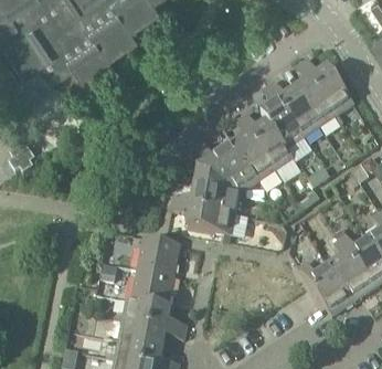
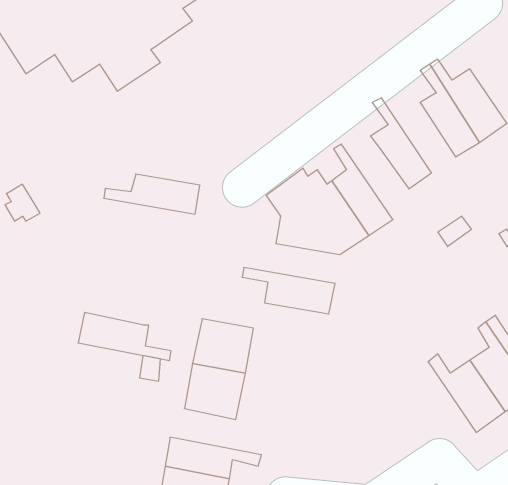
building: [268,81,319,137] -> none
building: [241,113,294,169] -> none
building: [173,186,240,213] -> [104,174,200,214]
building: [123,298,187,331] -> [78,312,171,360]

